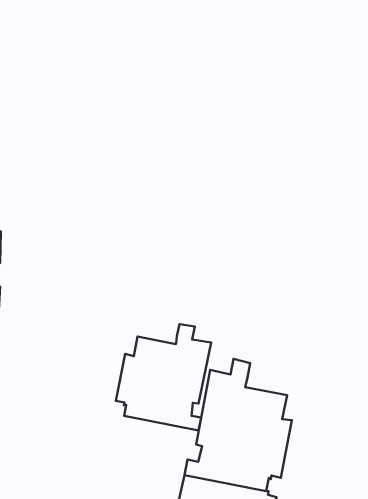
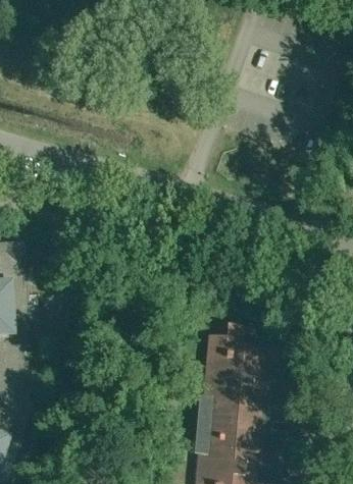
building: [116,324,211,430] -> none

